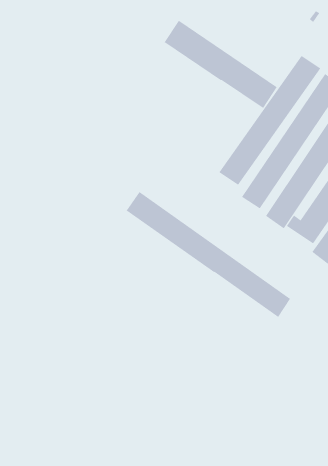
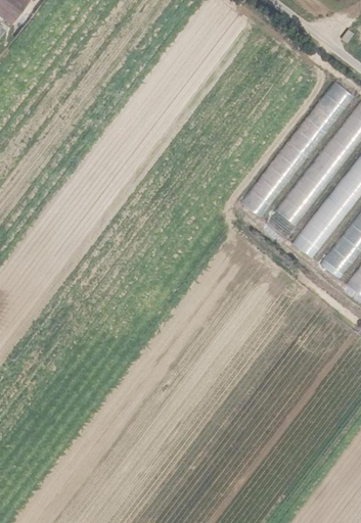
building: [164,20,277,109] -> none
building: [126,191,291,318] -> none

